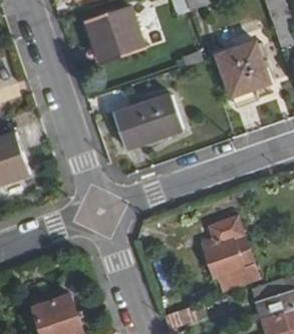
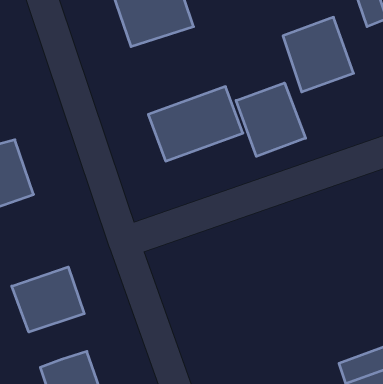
building: none -> [236,83,306,156]
building: [202,216,249,293] -> none
building: none -> [12,267,84,332]

